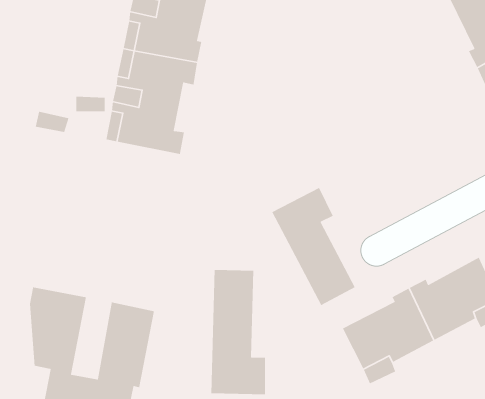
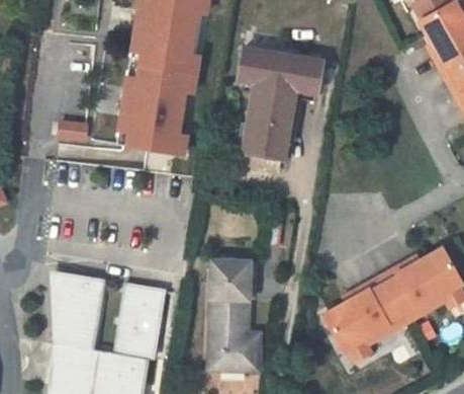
building: none -> [242,47,326,160]
building: [271,187,356,306] -> none

